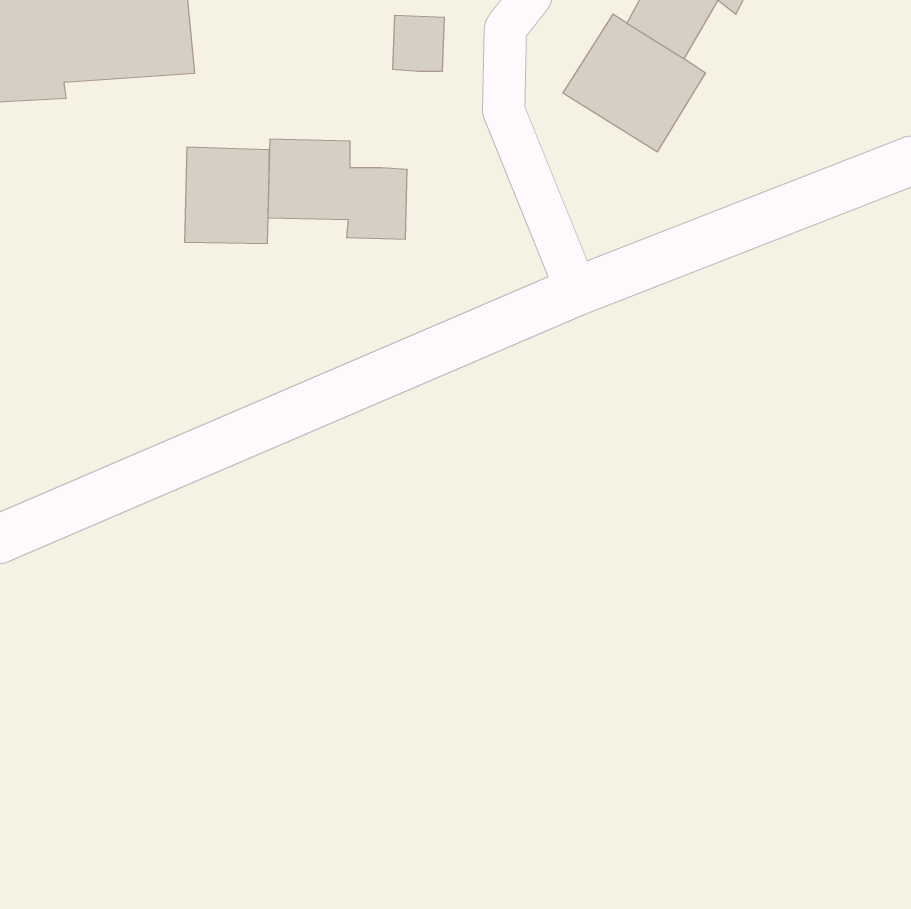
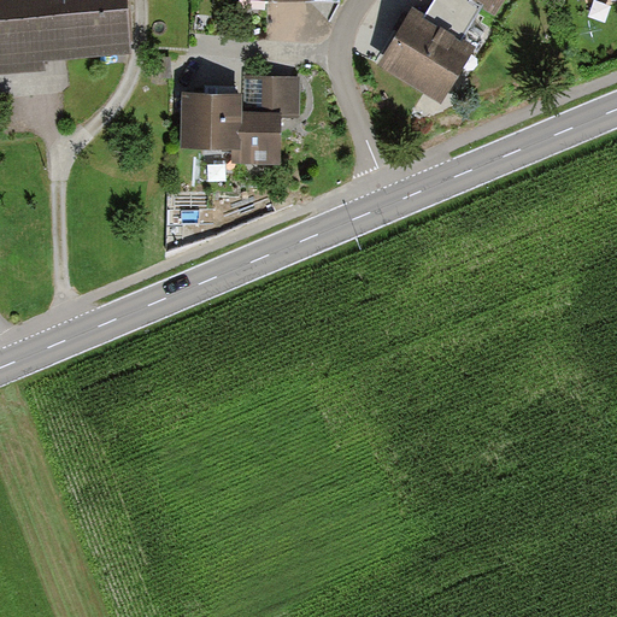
building: [393,16,444,71] -> [258,77,293,114]
building: [185,147,269,244] -> none

